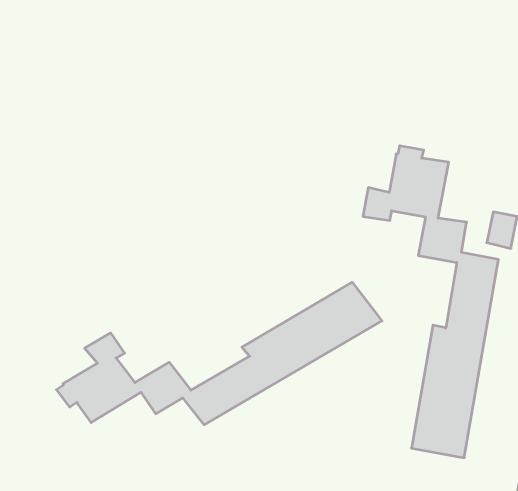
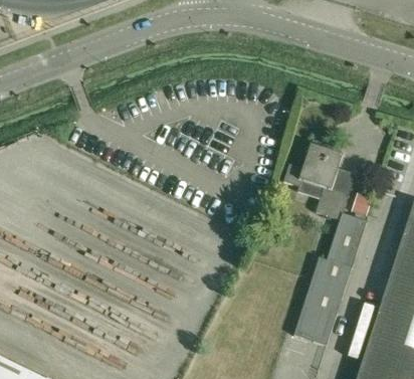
building: [56,282,382,425] -> none

